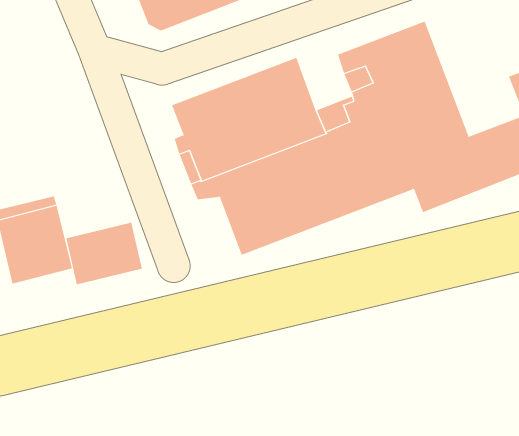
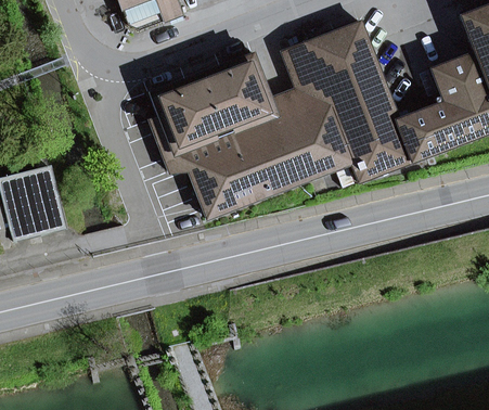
building: [66,222,142,285] -> none

